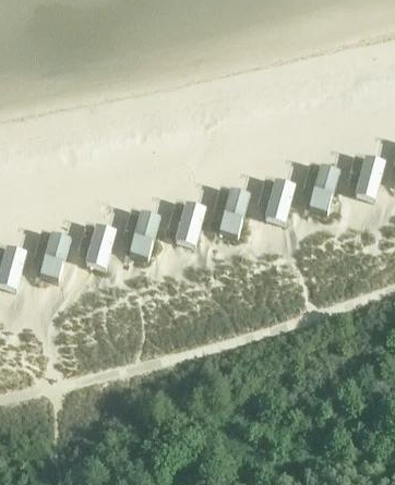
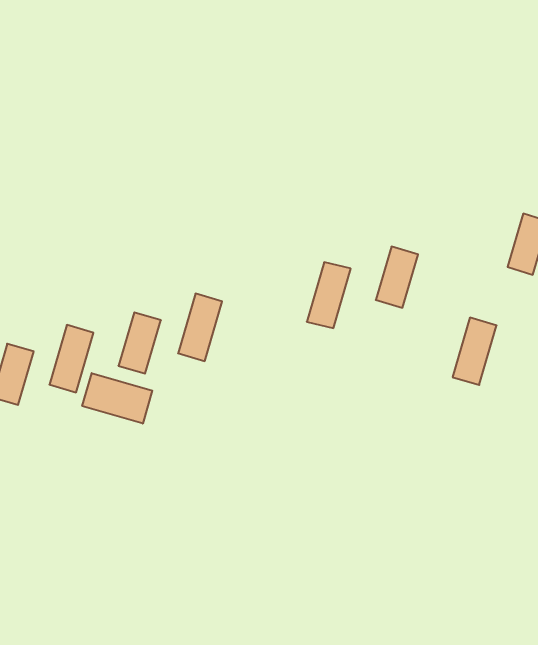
building: [306,165,336,211] -> [453,318,497,385]
building: [175,201,203,243] -> none
building: none -> [82,373,152,424]

